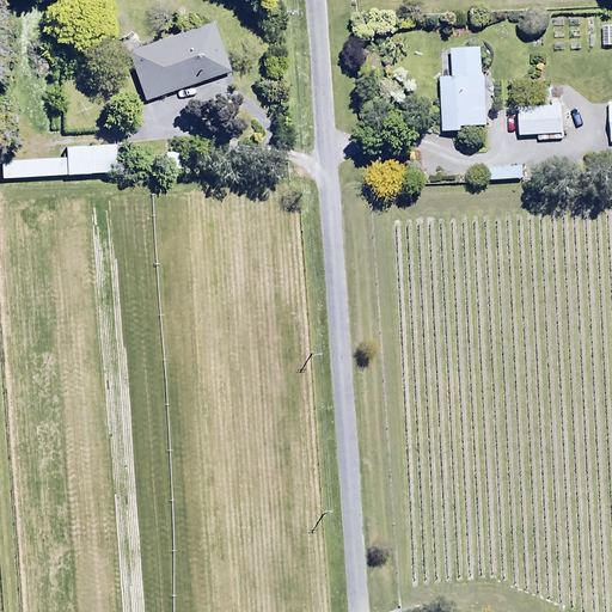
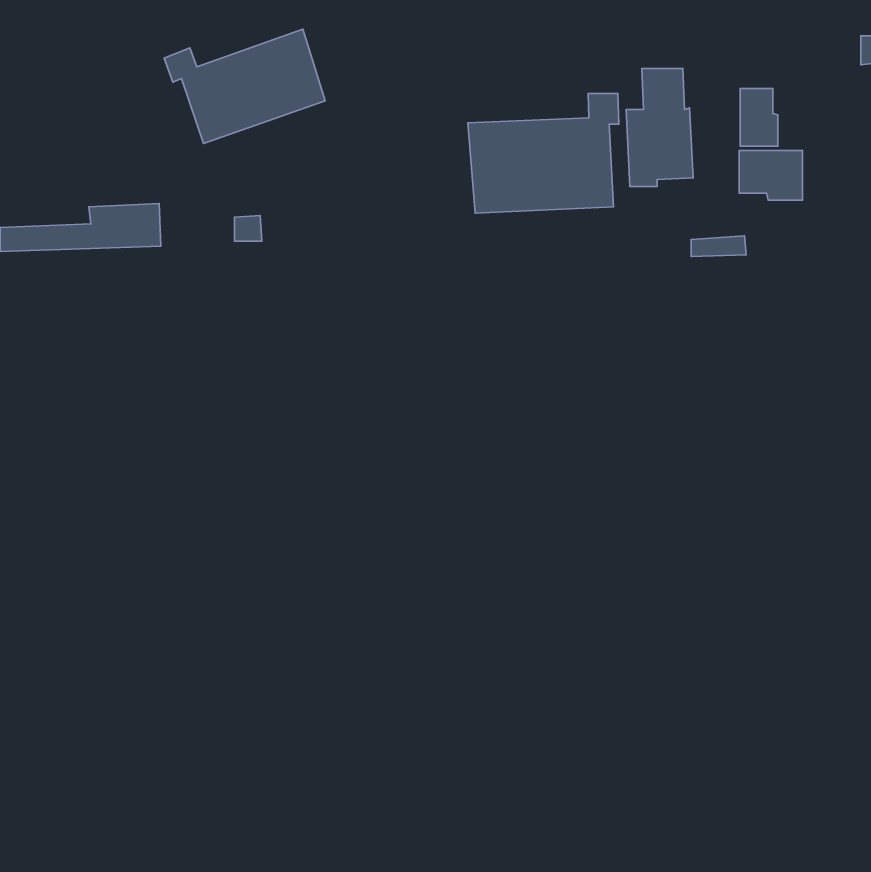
building: none -> [740,88,778,146]
building: none -> [468,94,619,213]

